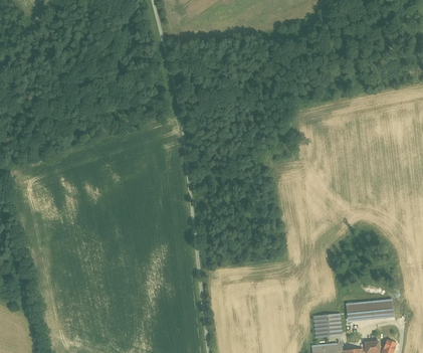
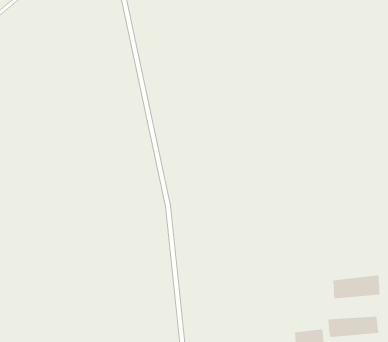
building: none -> [333,275,380,299]

